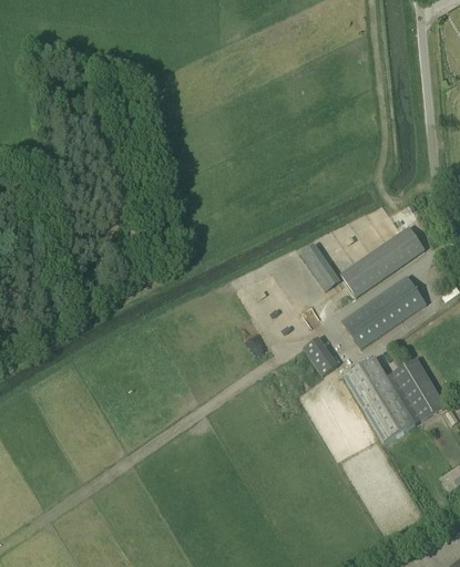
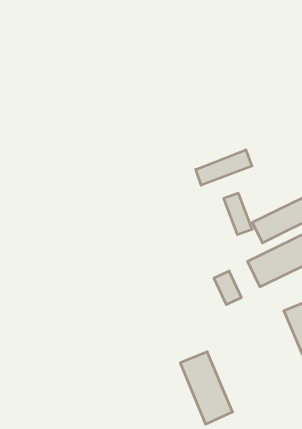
building: none -> [196,150,252,185]
building: [345,357,415,442] -> [180,352,233,424]

